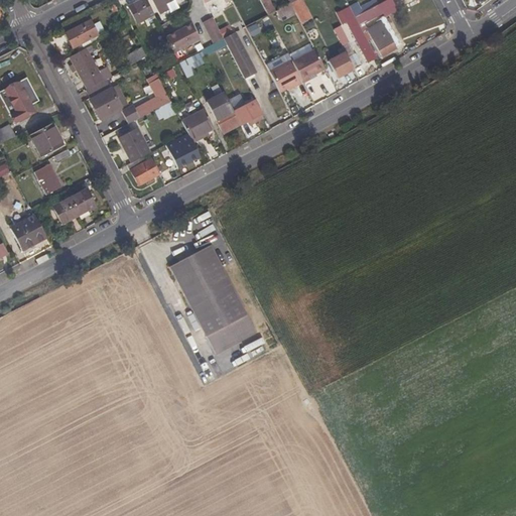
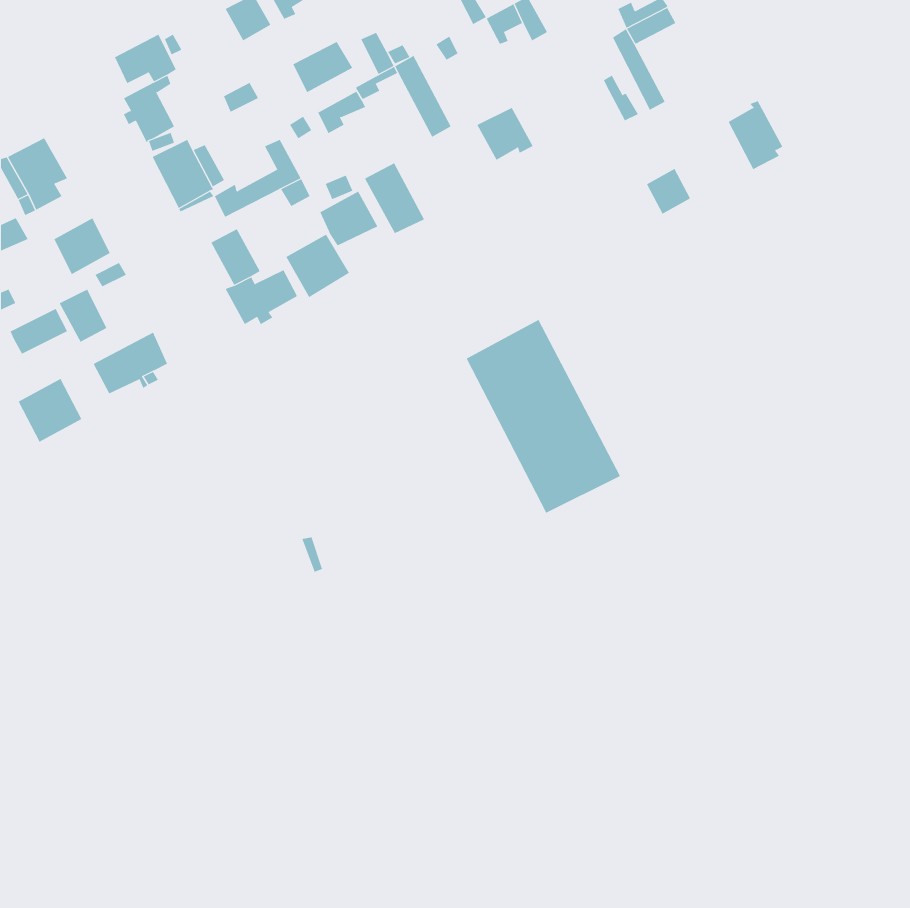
building: [368,16,399,55] -> [728,100,783,170]
building: [292,47,326,82] -> none
building: [329,51,354,78] -> [646,168,691,214]
building: [235,99,262,124] -> none
building: none -> [10,308,68,354]
building: [169,244,257,354] -> [466,319,621,514]

